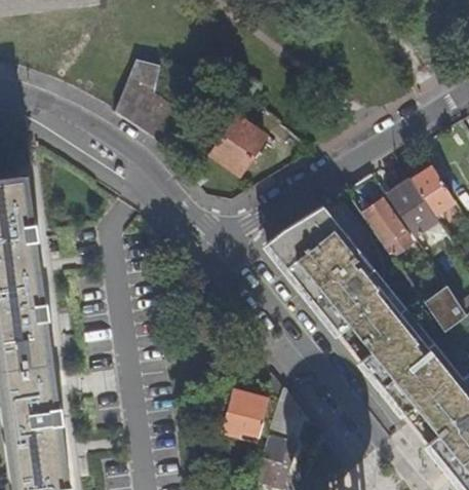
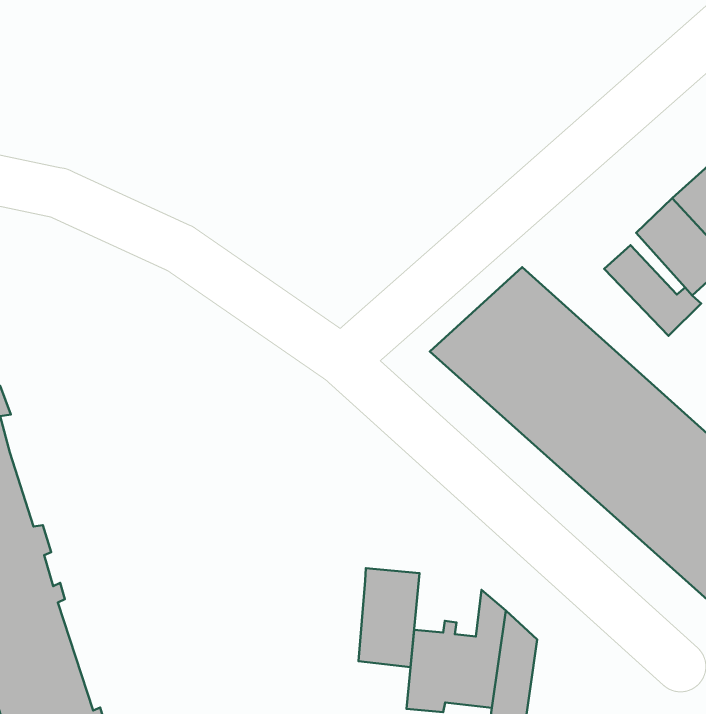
building: [117,61,192,151] -> none
building: [209,117,263,174] -> none
building: none -> [358,568,419,667]

